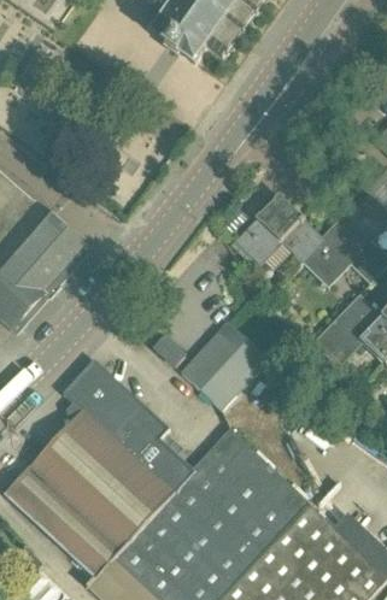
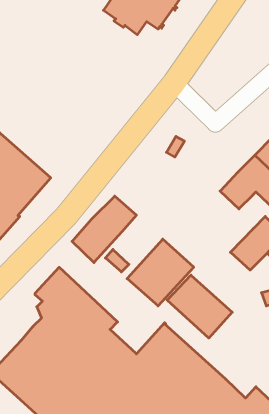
building: [233,195,323,265] -> none
building: none -> [72,196,136,263]
building: none -> [167,275,232,338]

